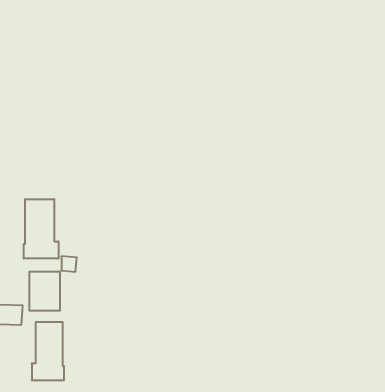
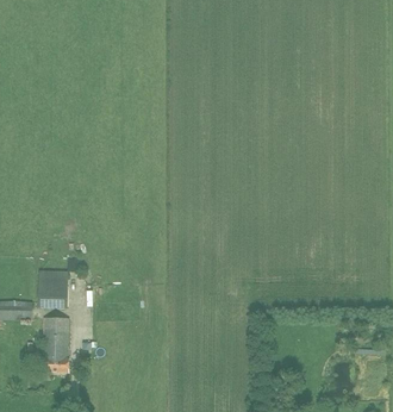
building: [24,199,58,259] -> none

